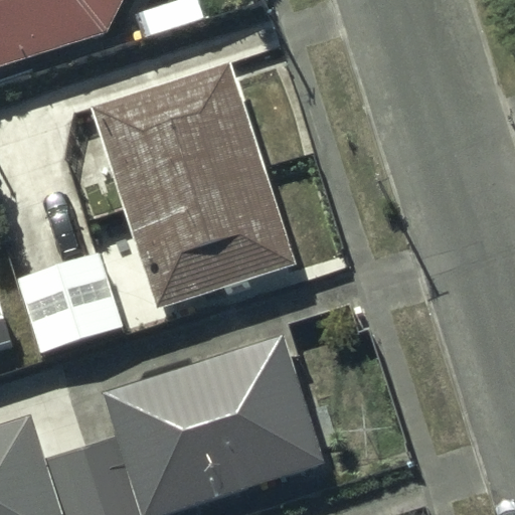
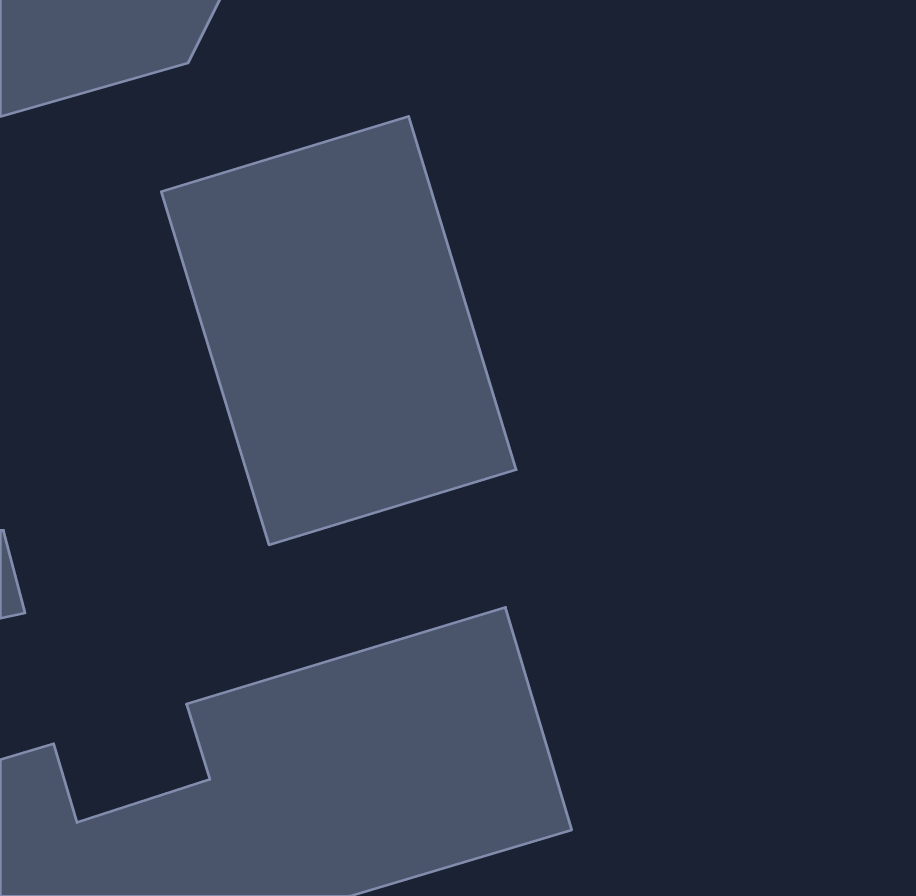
building: [21,251,124,348] -> none

